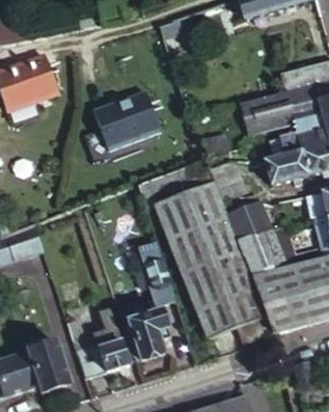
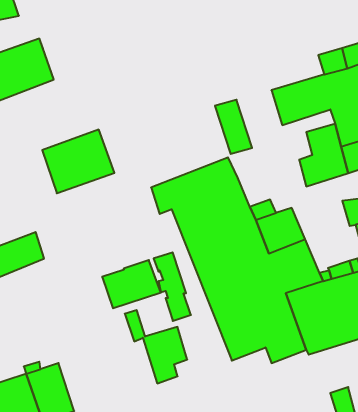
building: [98,99,160,154] -> [42,130,114,193]
building: [80,333,131,375] -> [102,260,161,308]

